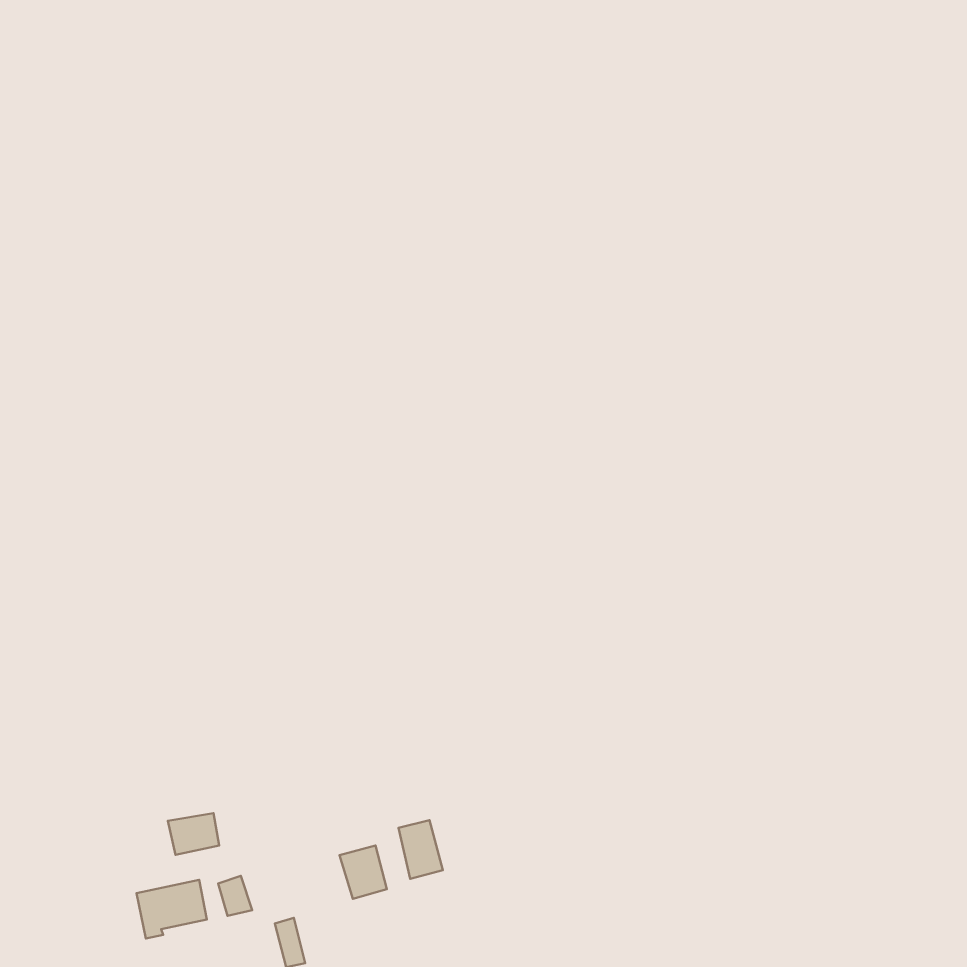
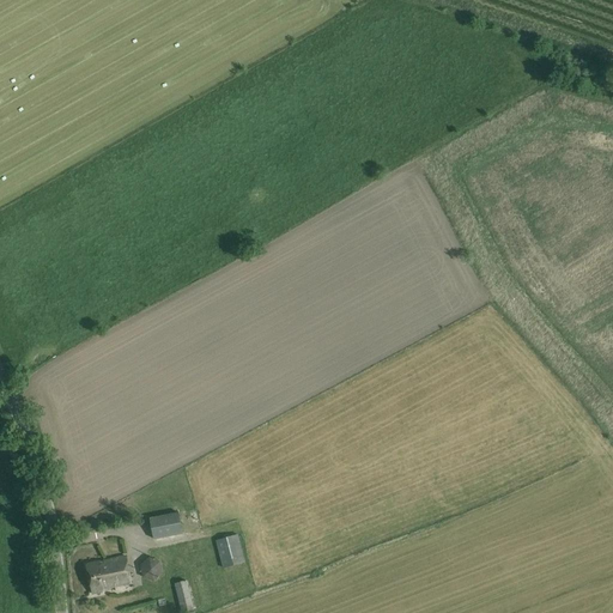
building: [168,813,219,855] -> [148,512,181,539]
building: [398,820,443,879] -> none

